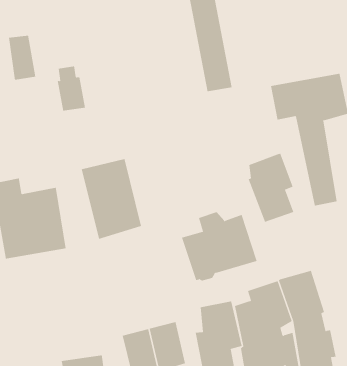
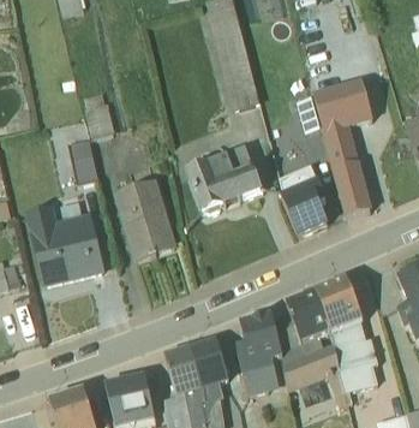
building: [8,35,36,80] -> [68,137,98,183]
building: [181,212,257,281] -> [185,144,262,214]

